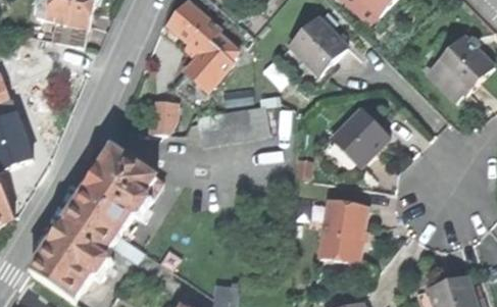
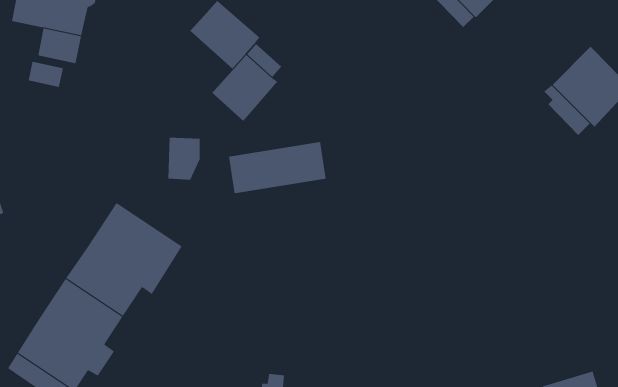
building: [289,17,347,75] -> none
building: [334,111,391,169] -> none
building: [317,198,366,262] -> none

